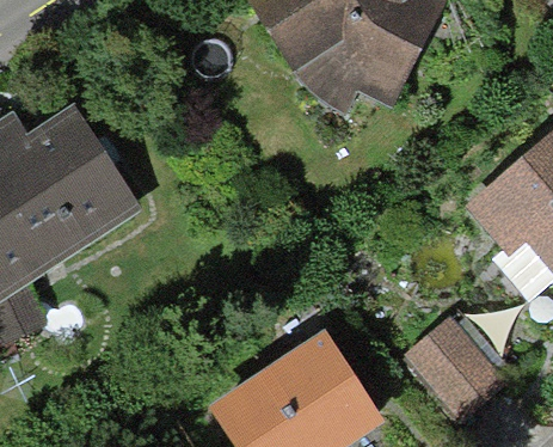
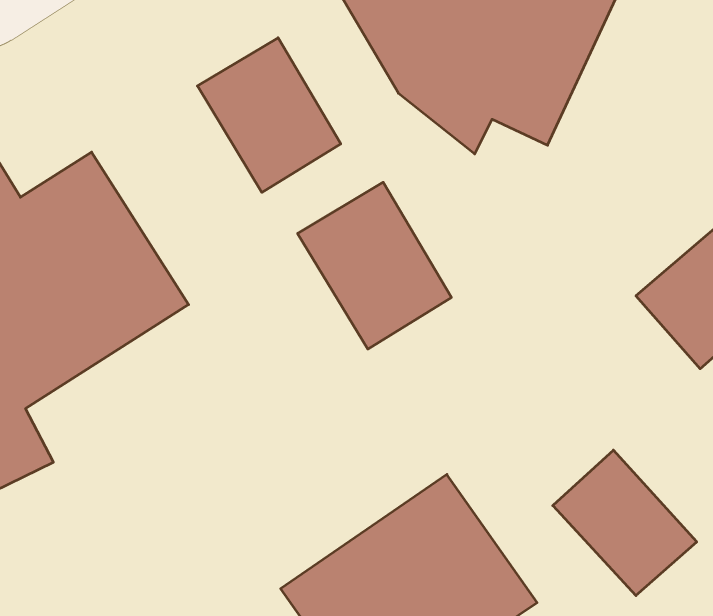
building: none -> [197,38,341,192]
building: none -> [298,182,451,349]

